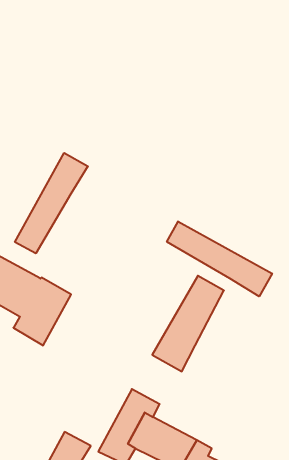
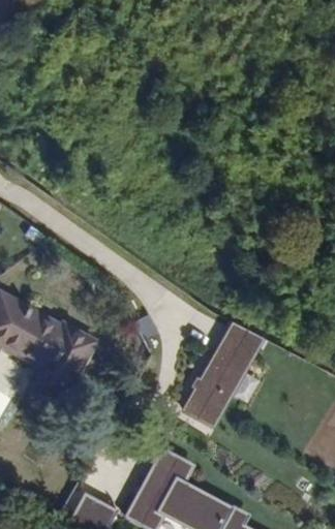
building: [15,153,88,253] -> none
building: [167,221,272,296] -> none

